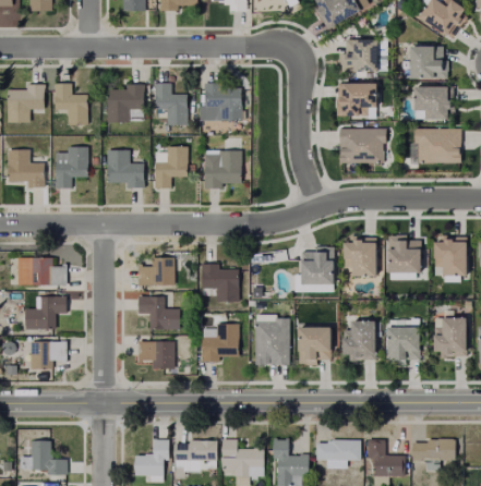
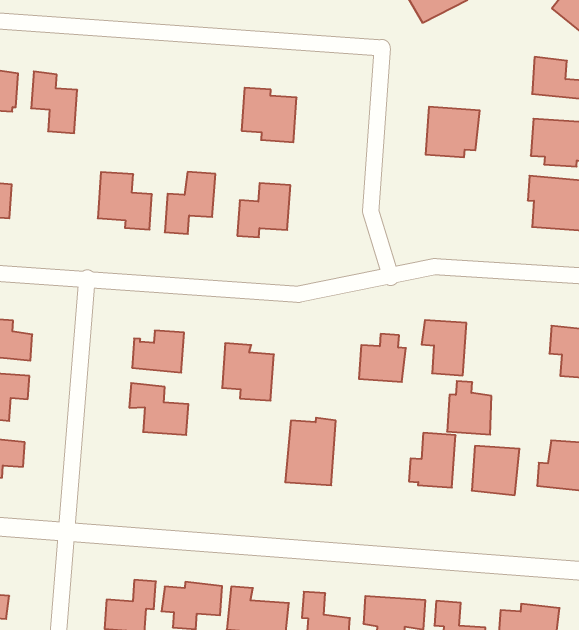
building: [339,49,373,78] -> none
building: [155,83,189,125] -> none
building: [108,84,145,122] -> none
building: [336,134,382,171] -> none
building: [57,147,89,189] -> none
building: [388,238,419,274] -> [447,381,491,435]
building: [296,323,327,354] -> none
building: [205,326,240,364] -> none
building: [140,342,176,370] -> none

